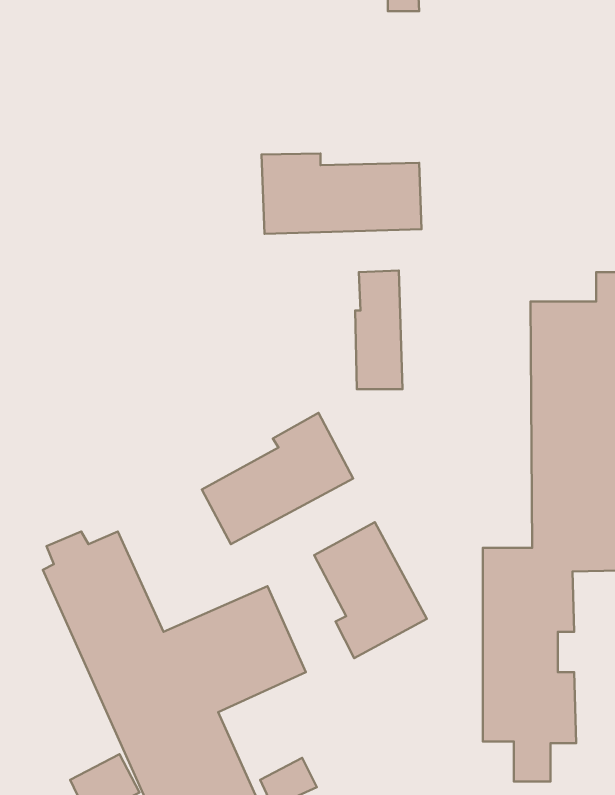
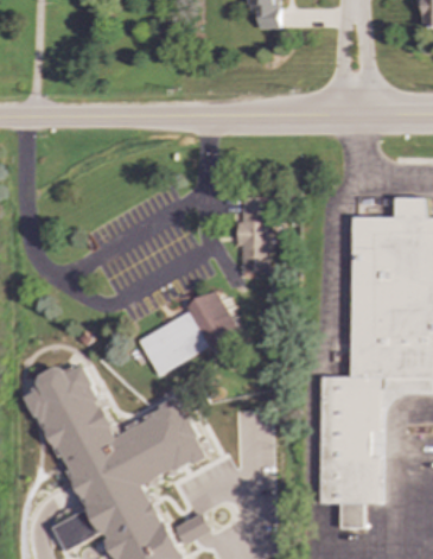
building: [262,154,421,234] -> none
building: [314,522,427,658] -> none

